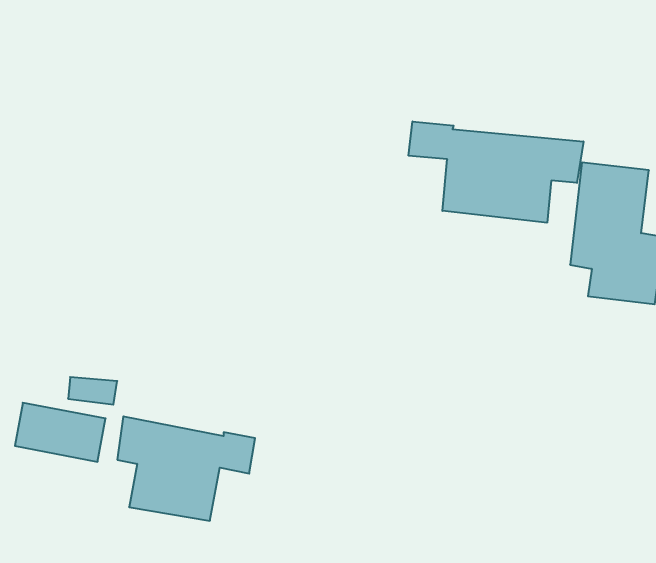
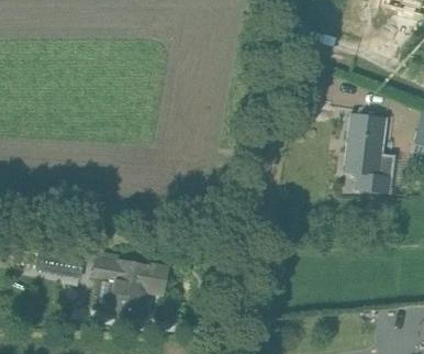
building: [409,121,583,223] -> none

